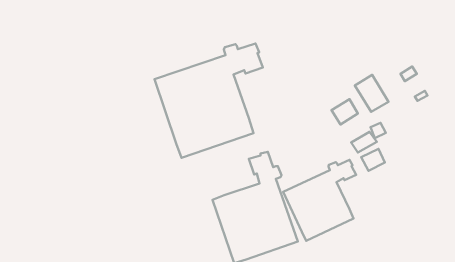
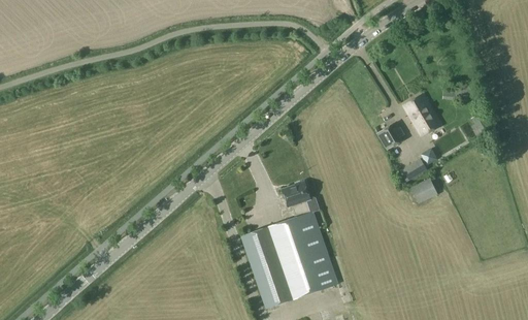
building: [155,44,263,158] -> none
building: [283,160,356,241] -> none

